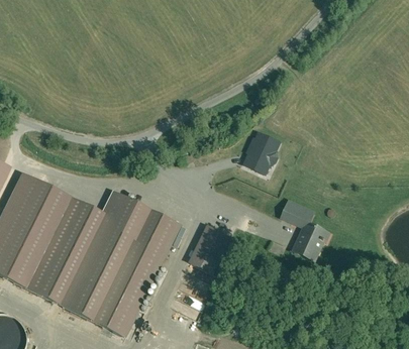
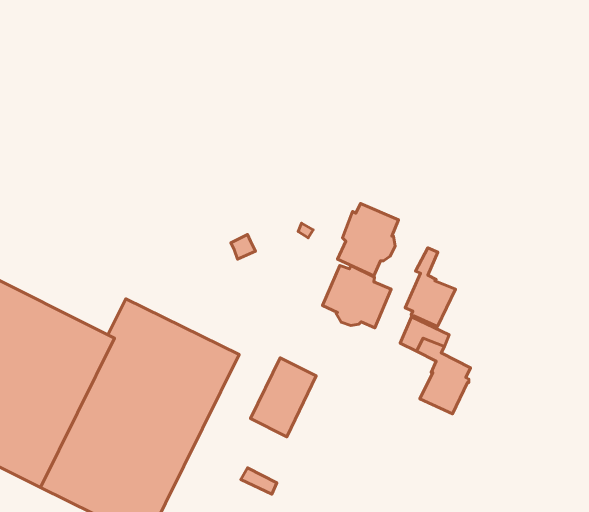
building: none -> [405,248,455,327]
building: none -> [323,265,391,328]

